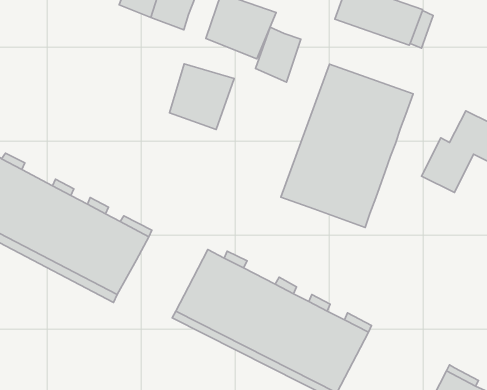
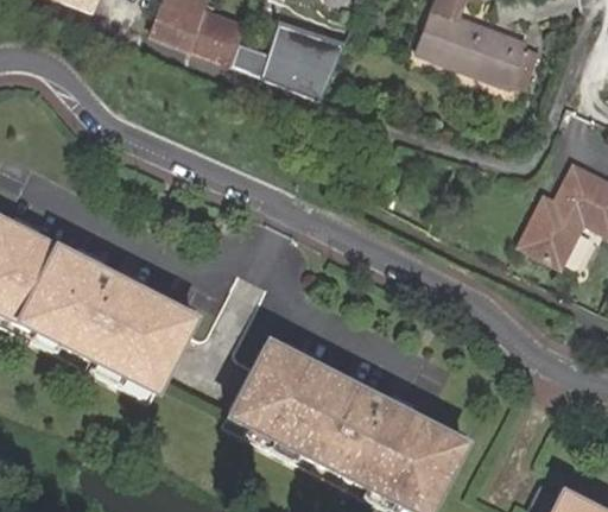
building: [256,27,301,82] -> none
building: [170,64,234,130] -> none
building: [281,64,413,227] -> none

